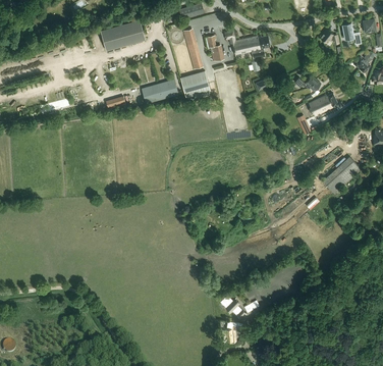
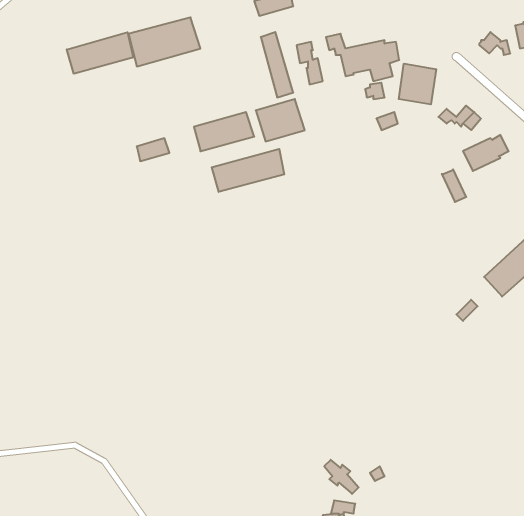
building: none -> [67,32,133,74]
building: none -> [399,64,436,104]
building: none -> [212,149,284,192]

